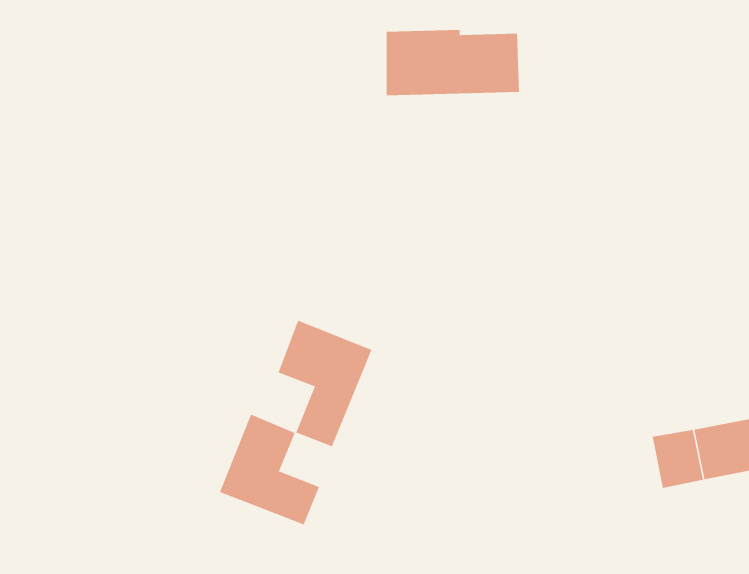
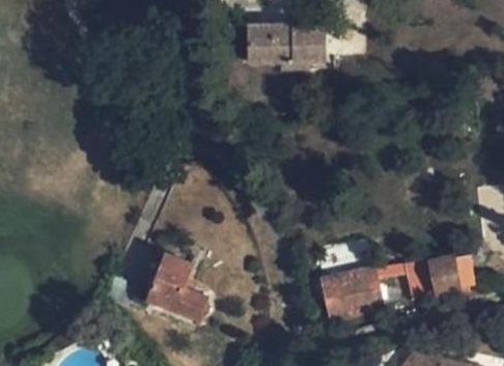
building: [278,320,372,447] -> none
building: none -> [323,269,384,320]

